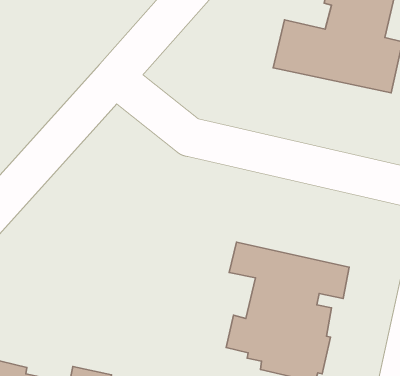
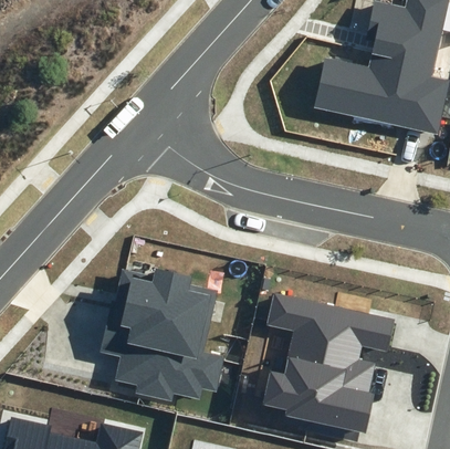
building: none -> [100,268,223,400]

